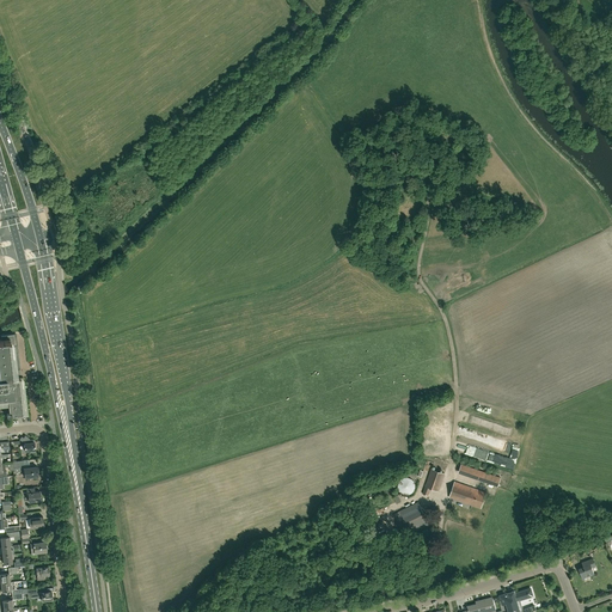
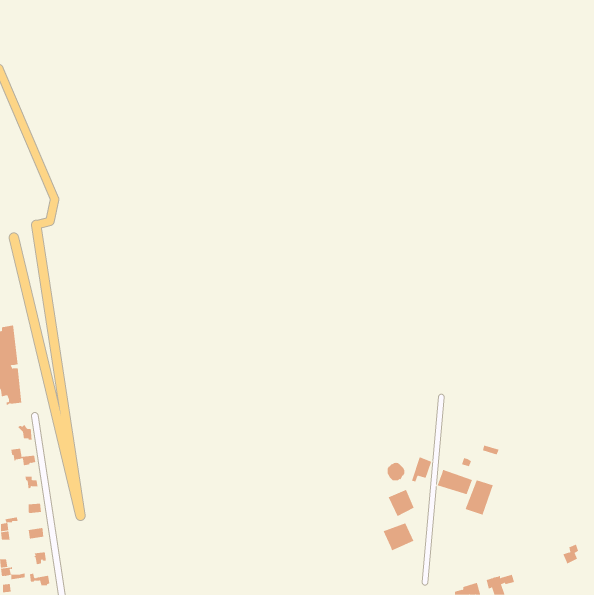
building: none -> [465,480,493,516]
building: none -> [383,522,414,551]

